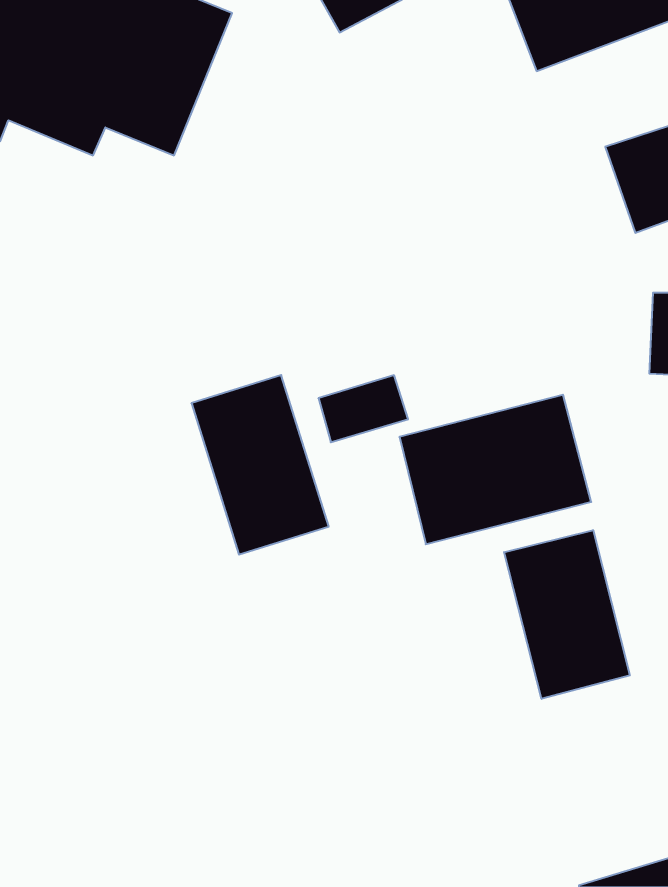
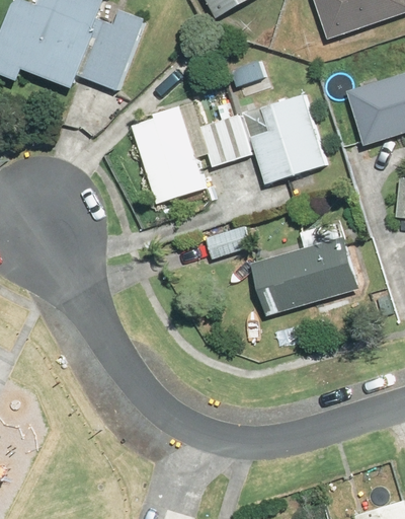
building: none -> [197,90,328,183]
building: [191,375,329,555] -> [130,100,209,204]
building: [504,530,630,699] -> none

